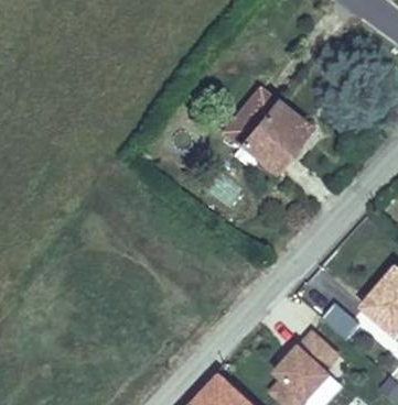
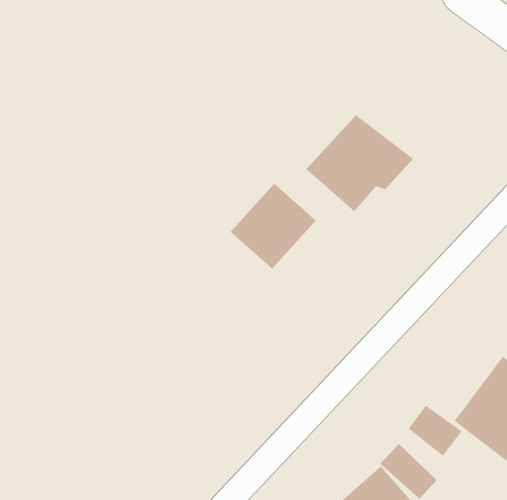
building: none -> [230,183,317,270]

